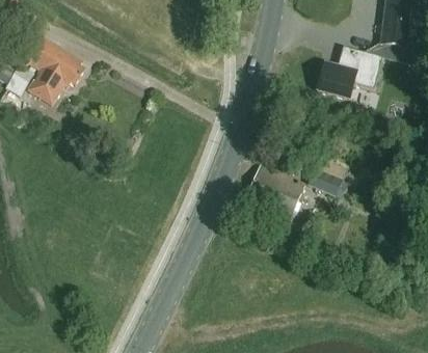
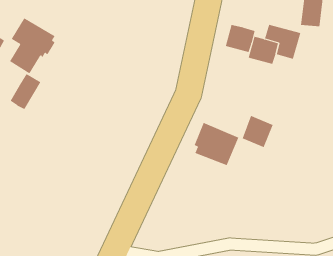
building: none -> [225,24,255,53]
building: none -> [10,73,41,110]

